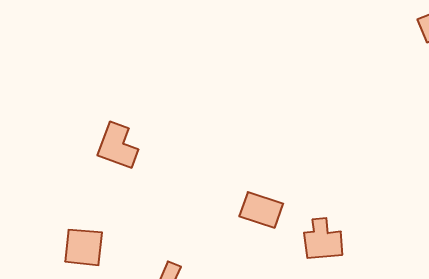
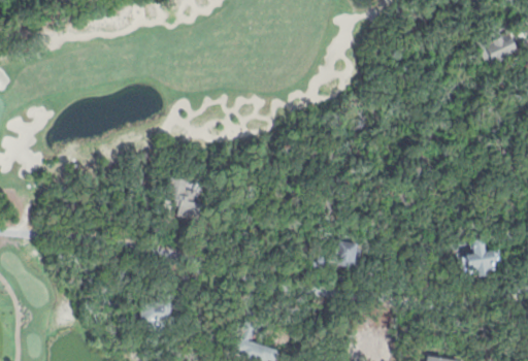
building: [304,218,342,258] -> [461,236,503,280]

